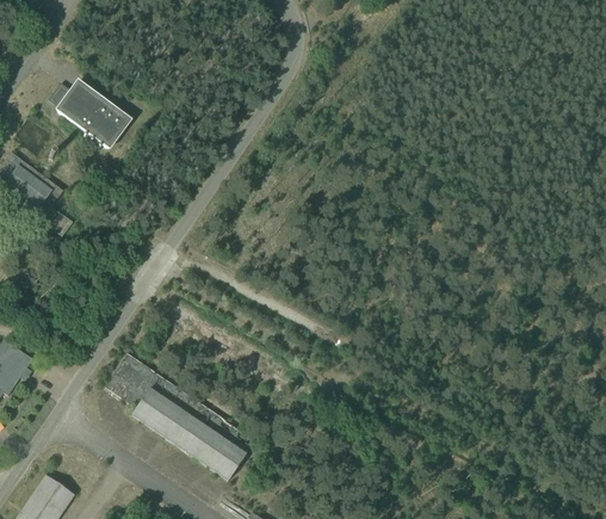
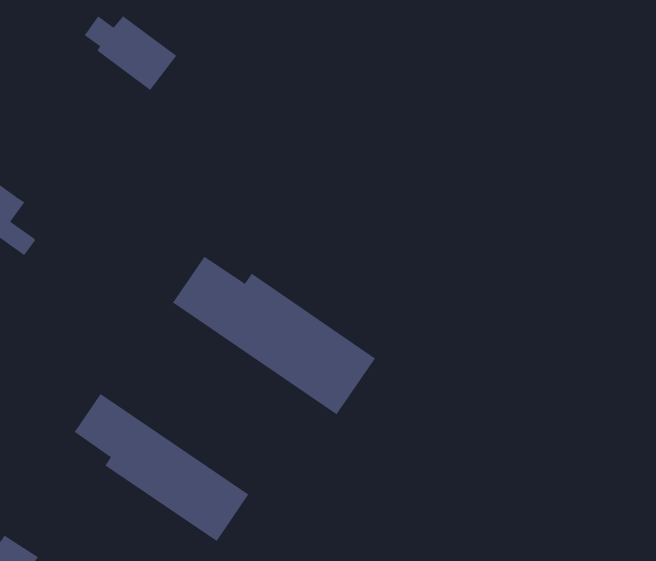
building: [49,81,129,146] -> [84,16,177,91]
building: none -> [172,256,376,415]

